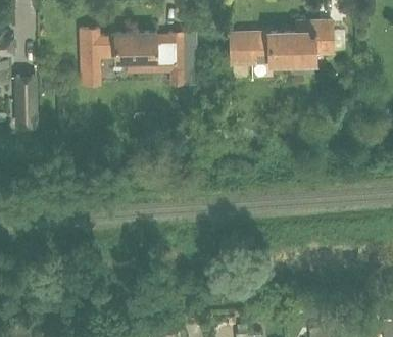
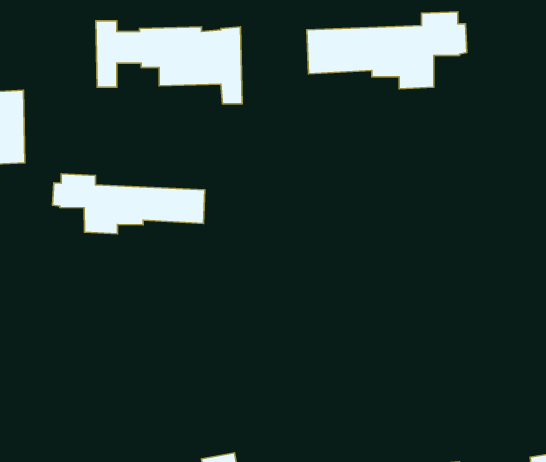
building: none -> [53,174,205,234]

